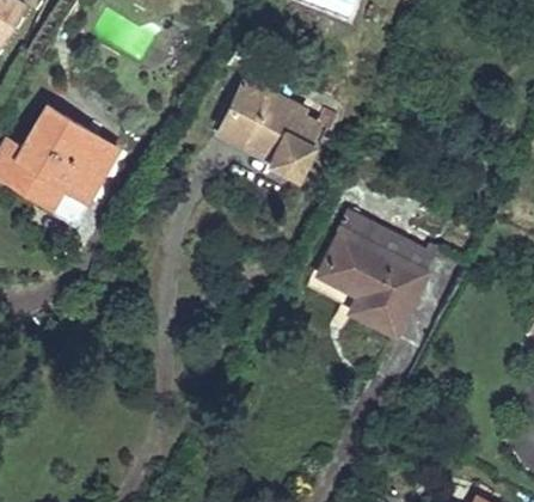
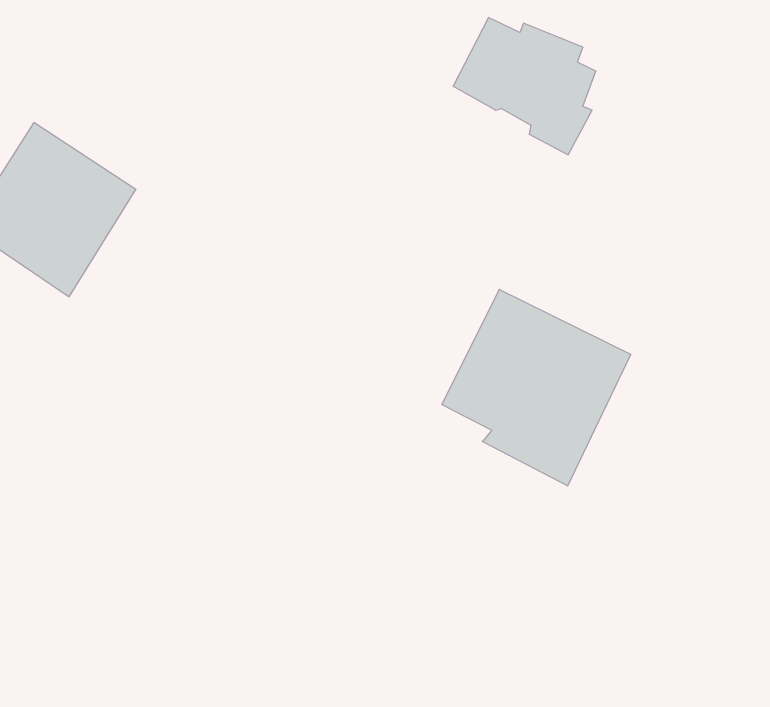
building: [222,85,314,173] -> [453,18,596,155]

